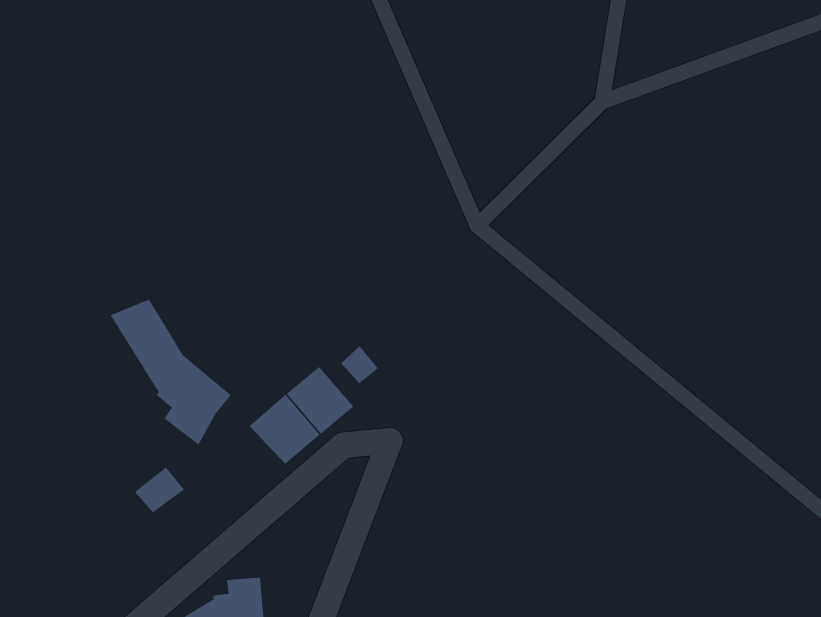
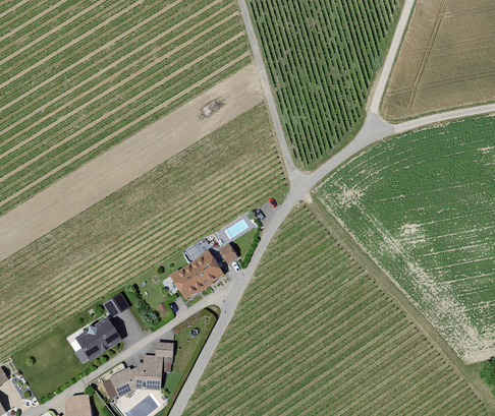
building: [110,299,232,446] -> none
building: none -> [69,316,120,362]

